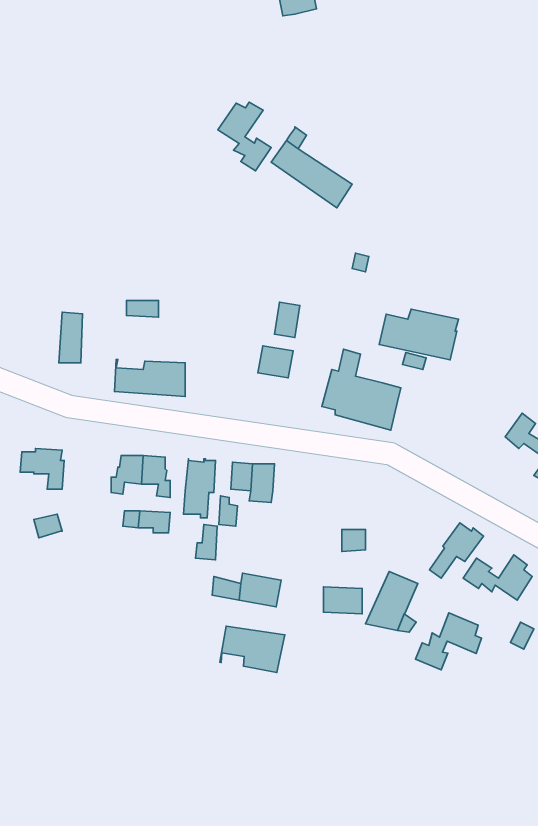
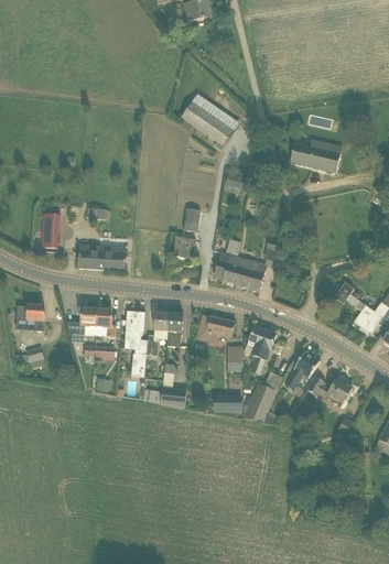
building: [218,102,271,171] -> none
building: [379,309,458,360] -> [290,139,342,172]
building: none -> [196,313,235,341]
building: none -> [248,325,275,359]
building: [416,613,481,670] -> none
building: [220,626,285,672] -> none

